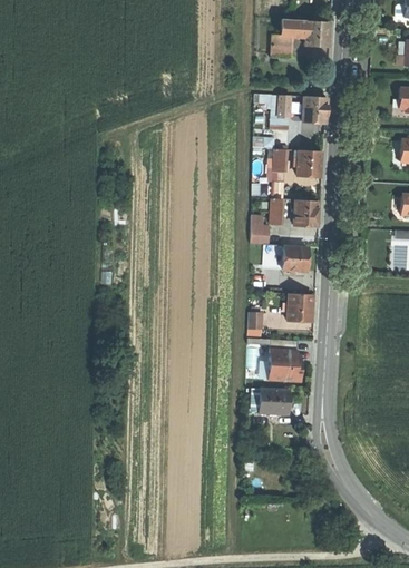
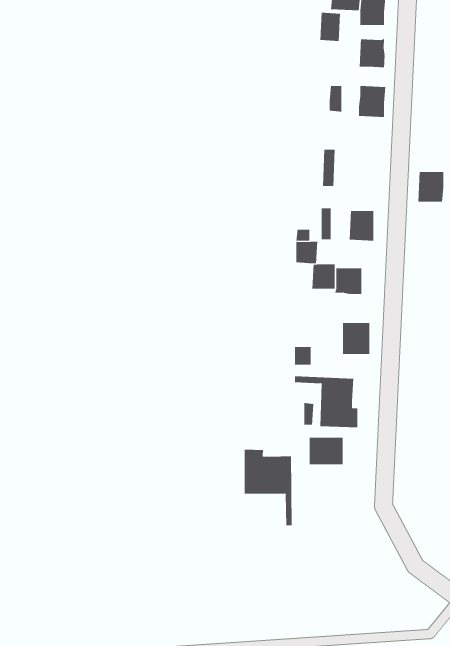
building: none -> [359,38,385,68]
building: [298,150,320,176] -> [418,172,444,202]
building: none -> [244,449,292,526]

